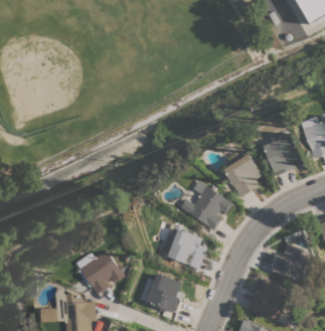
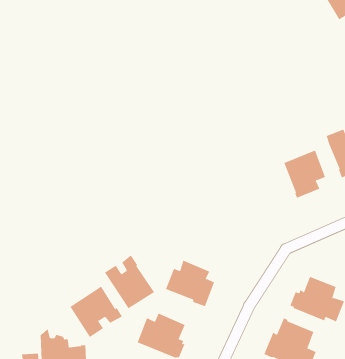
building: [224,153,263,197] -> none
building: [180,180,232,229] -> none
building: none -> [104,254,155,309]

